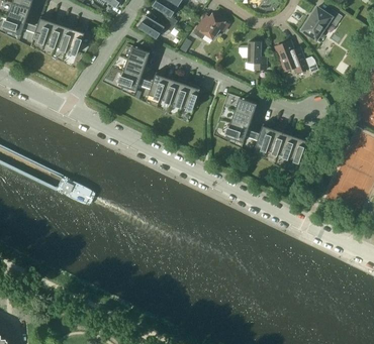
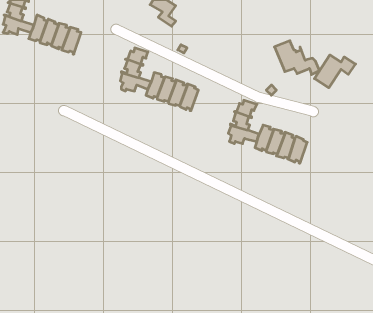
building: [300,8,341,40] -> [314,55,356,88]
building: [191,14,227,40] -> none
building: [136,15,172,38] -> none
building: [247,42,265,71] -> none

